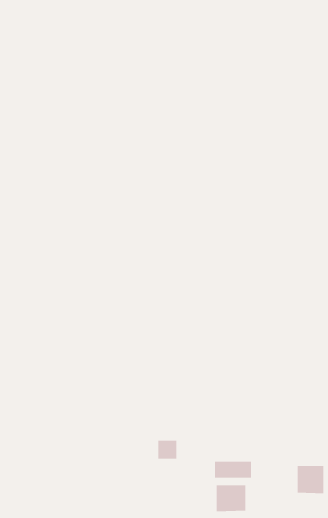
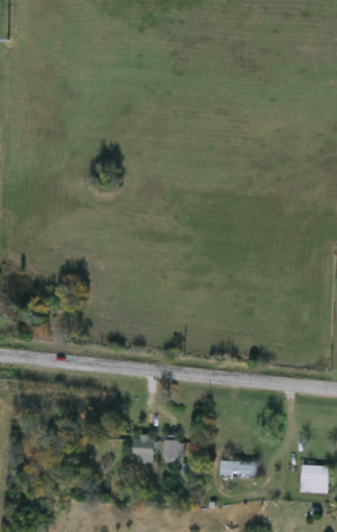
building: none -> [132,438,153,462]
building: [216,484,246,512] -> none

